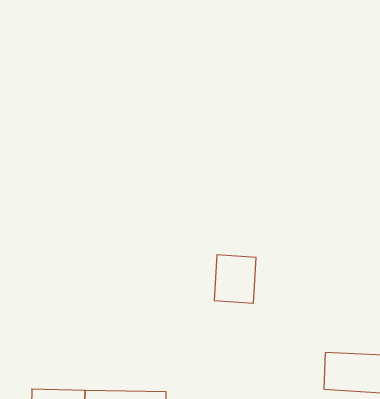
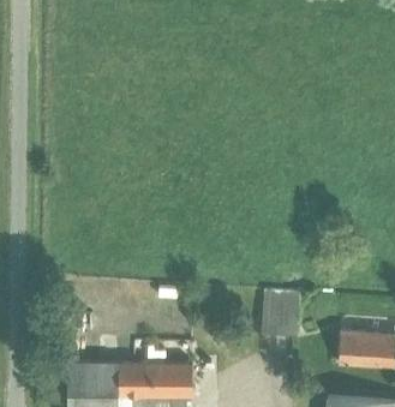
building: [214,255,256,303] -> [262,292,300,336]

